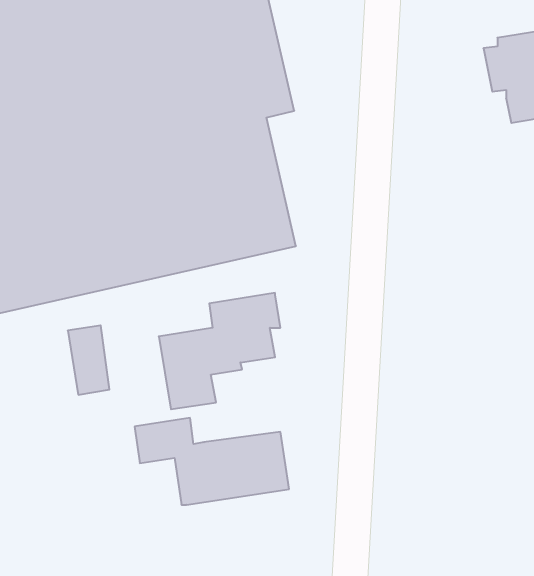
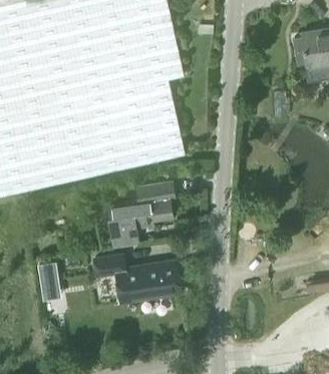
building: [68,325,109,395] -> [37,262,61,302]

